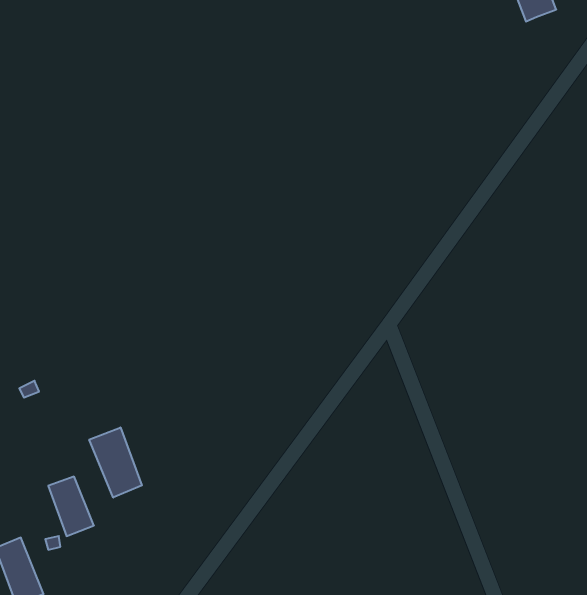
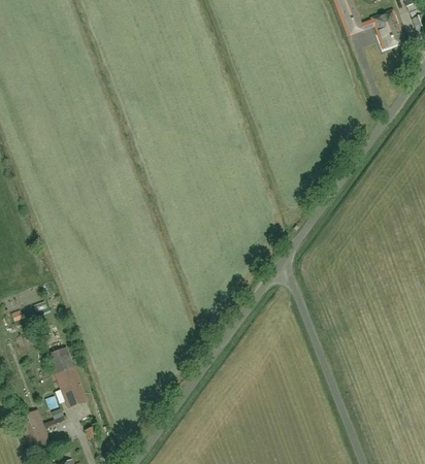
building: [89,427,142,498] -> none

